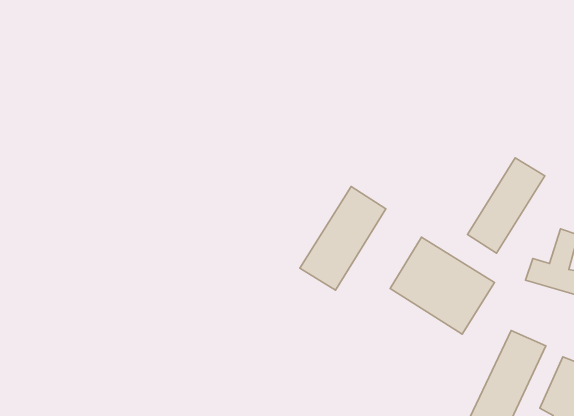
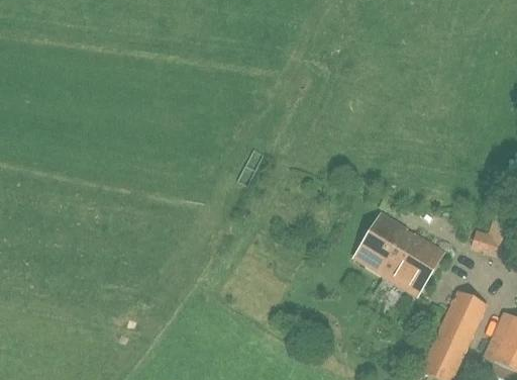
building: [468,158,545,253] -> none
building: [300,186,386,290] -> none

